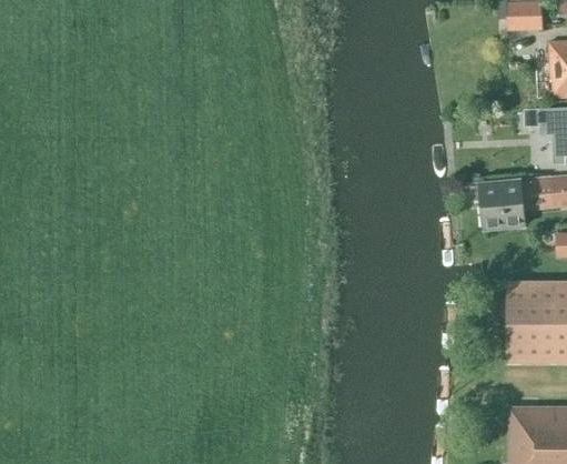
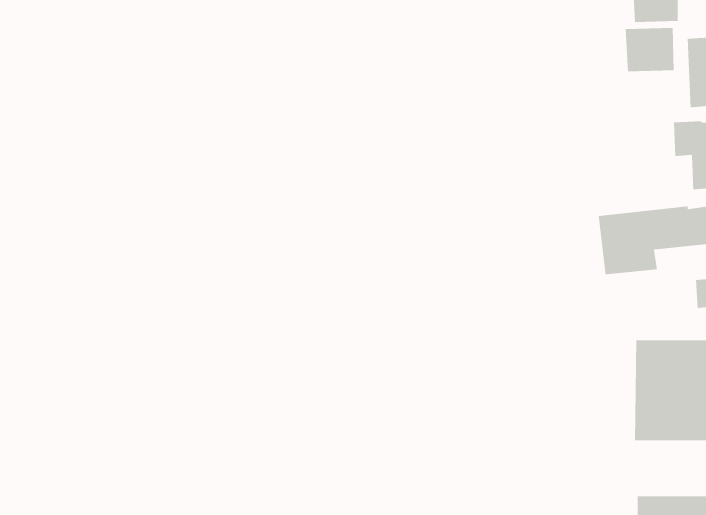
building: none -> [625,27,674,72]

